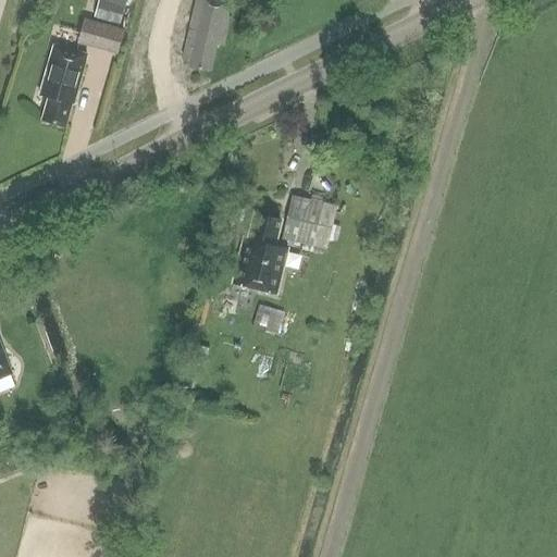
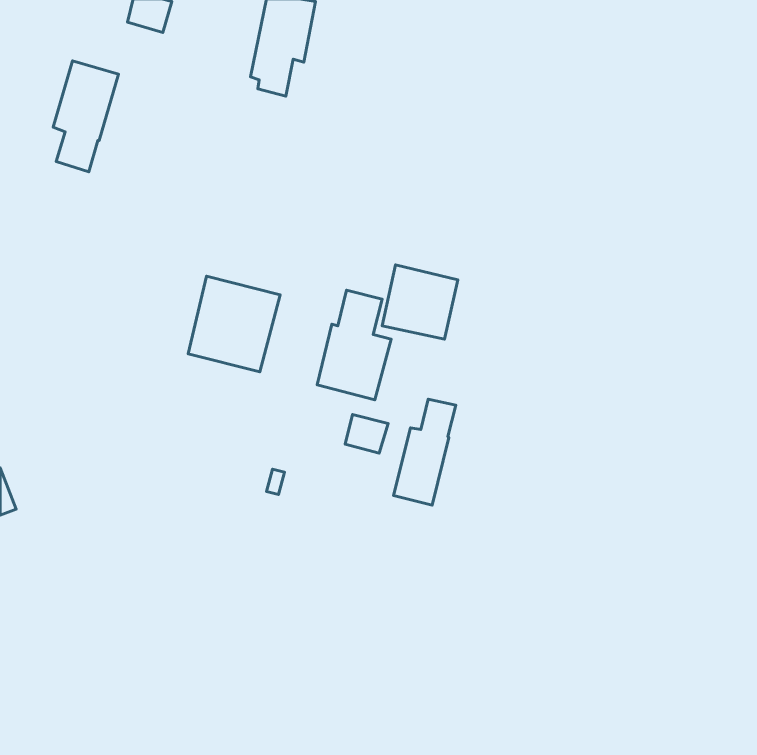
building: [77,18,124,54] -> none
building: none -> [188,276,280,372]
building: none -> [393,399,456,505]

